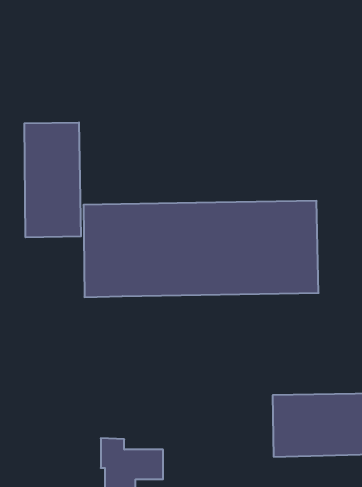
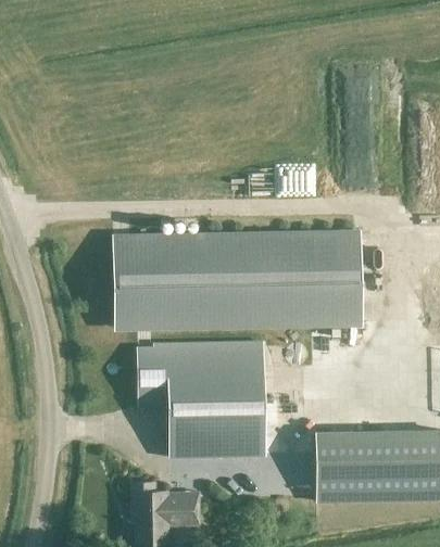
building: [24,122,81,237] -> none
building: none -> [138,344,265,457]

